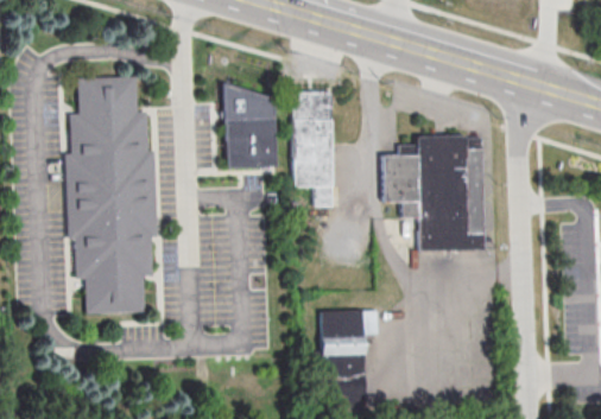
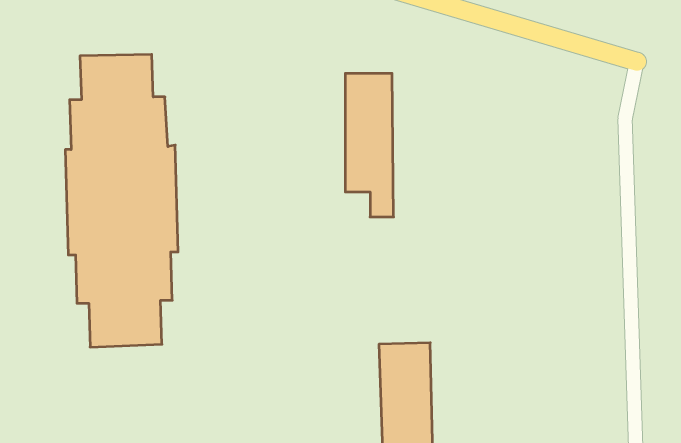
building: [223,83,277,170] -> none
building: [382,135,485,253] -> none

